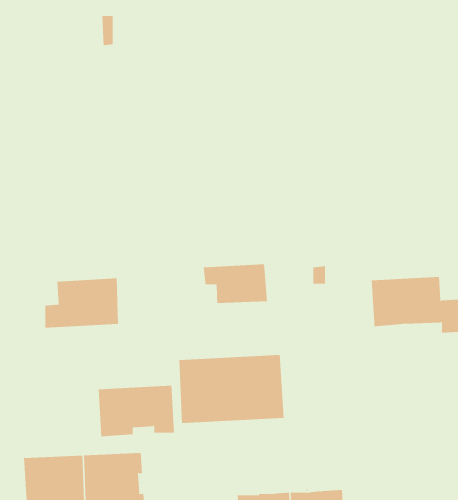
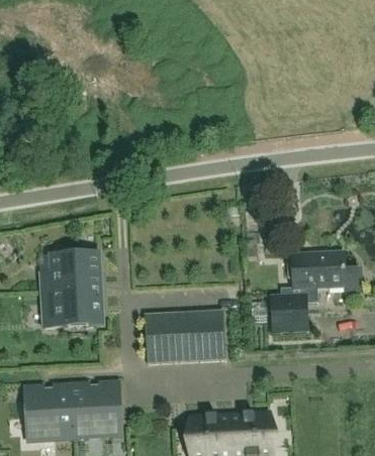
building: [203,264,267,304] -> none
building: none -> [270,286,316,331]
building: [98,385,175,437] -> [41,287,100,326]

